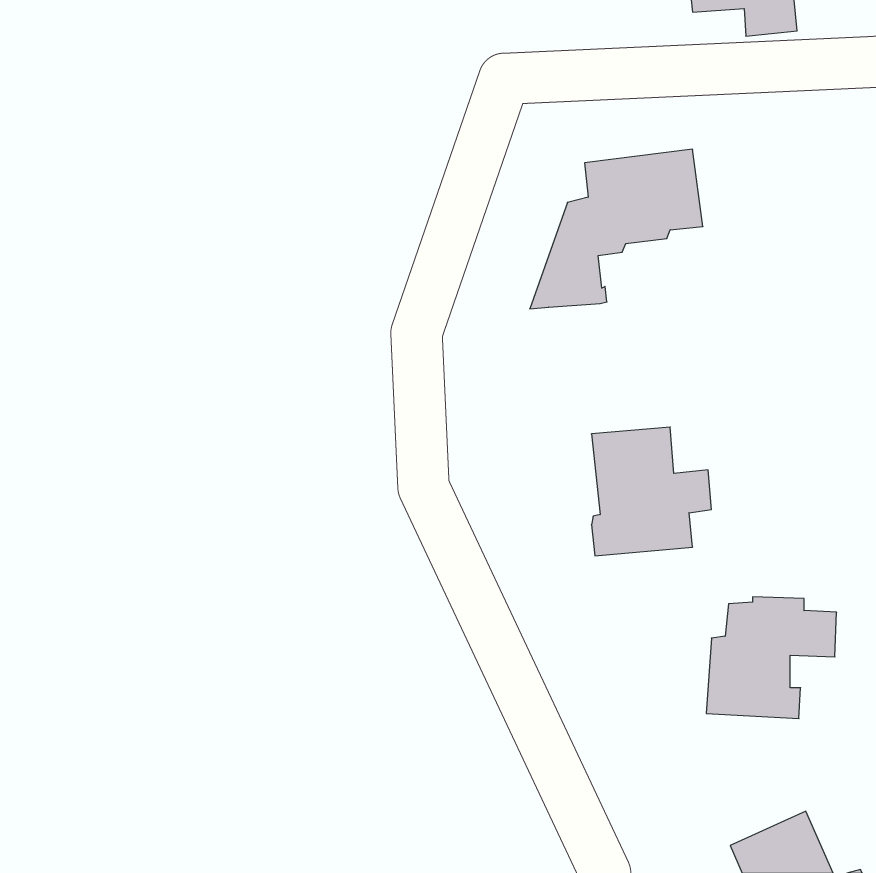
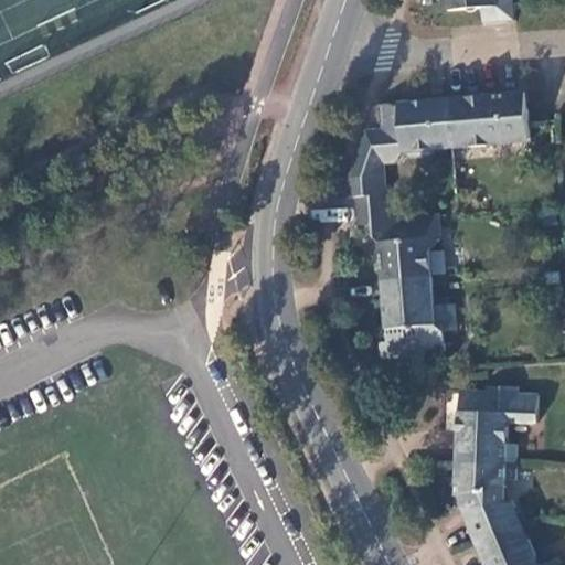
building: none -> [446,89,527,146]
building: none -> [353,195,443,279]
building: none -> [455,459,519,544]

